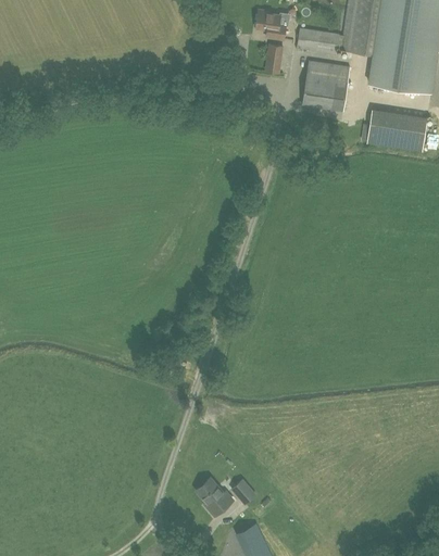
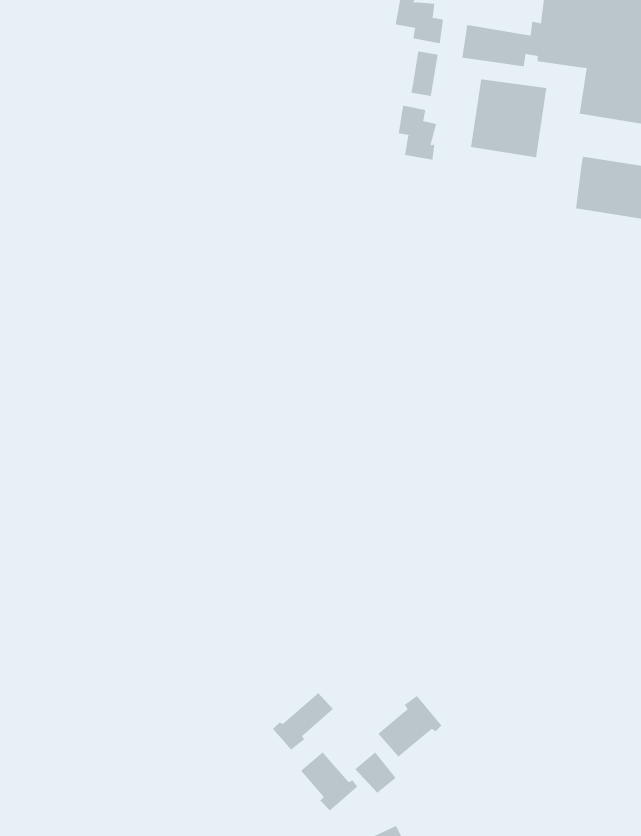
building: none -> [398,105,437,160]
building: none -> [272,692,334,751]
building: none -> [378,695,442,758]

